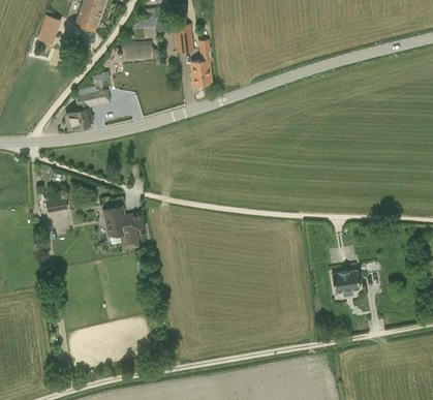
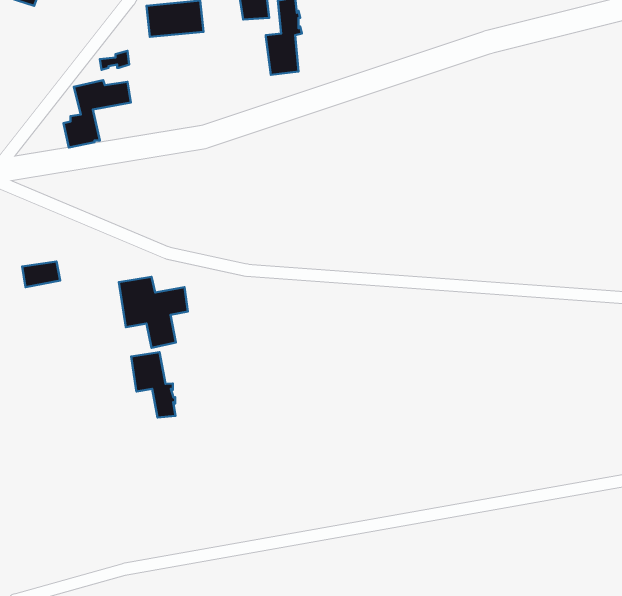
building: none -> [131,352,175,418]
building: [332,270,360,293] -> none

